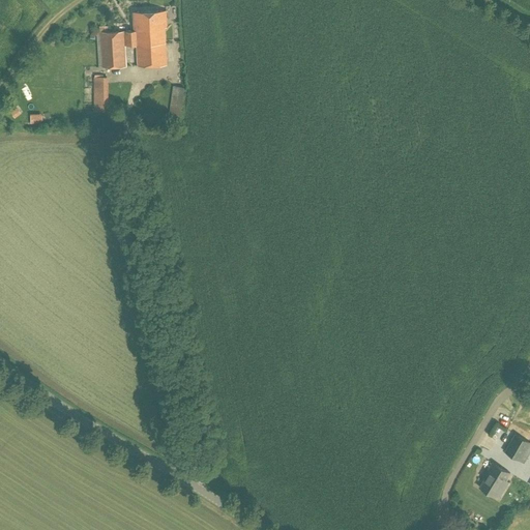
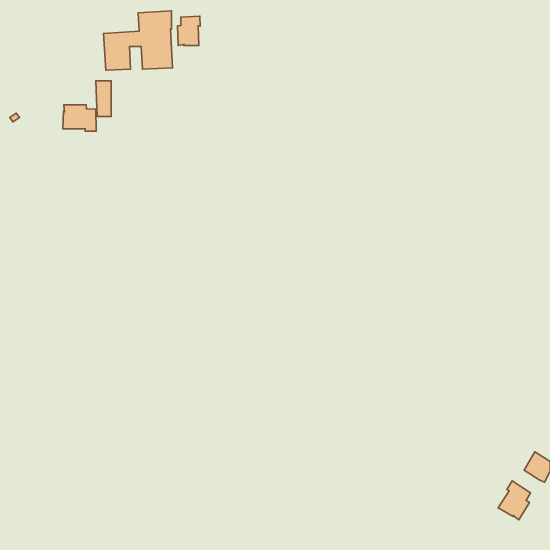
building: none -> [178,16,200,45]
building: none -> [63,105,96,131]

